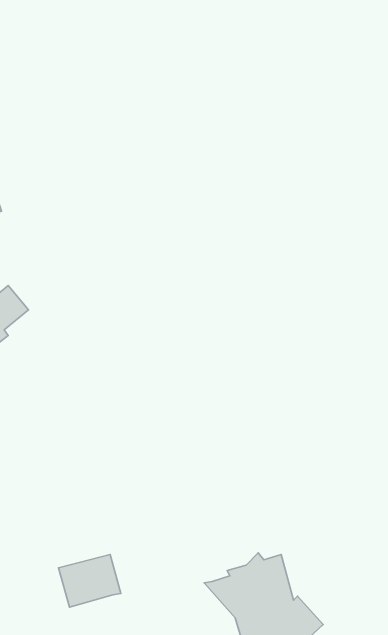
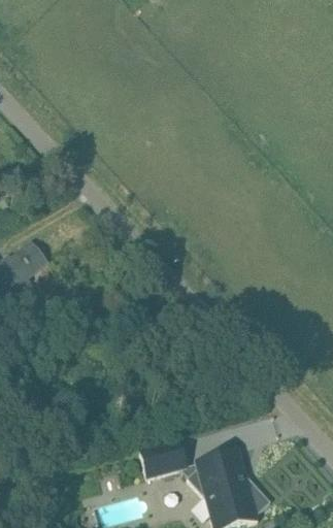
building: [59,554,121,607] -> [139,438,187,478]

